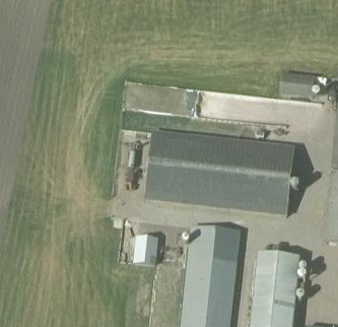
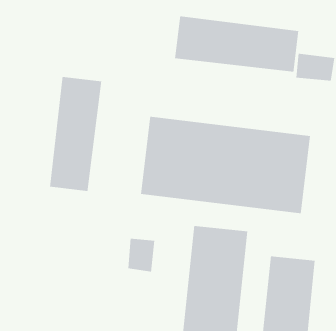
building: none -> [174,15,299,73]
building: none -> [49,76,102,192]

